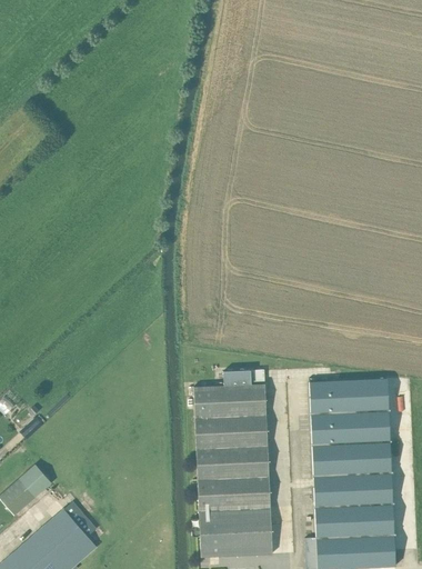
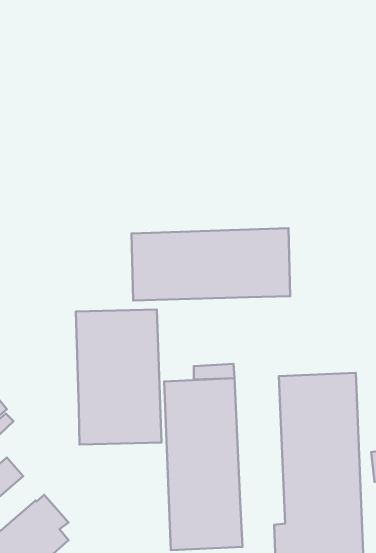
building: none -> [132,228,290,300]
building: none -> [76,309,162,445]

